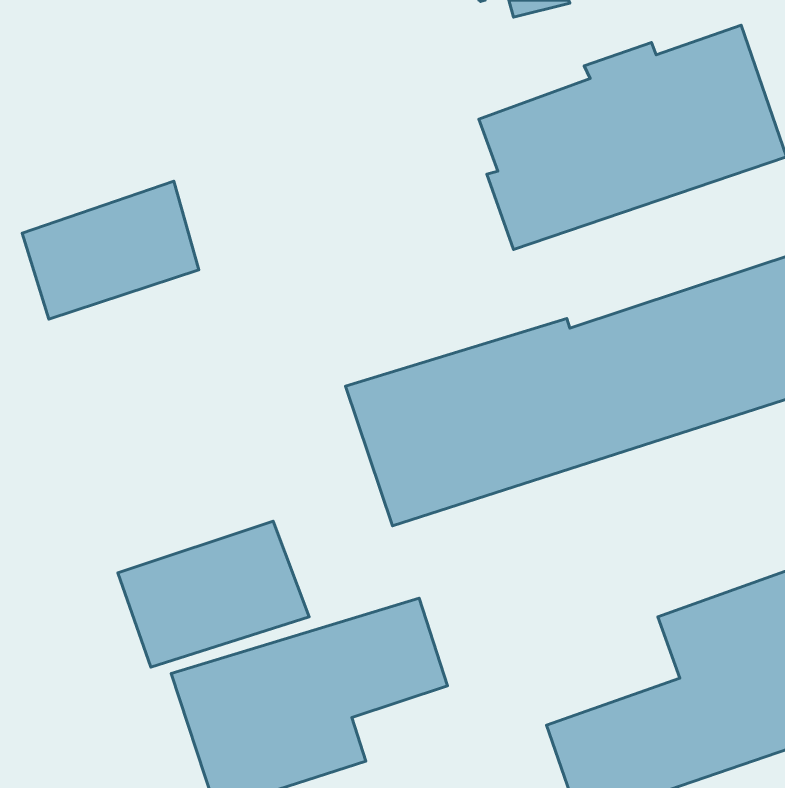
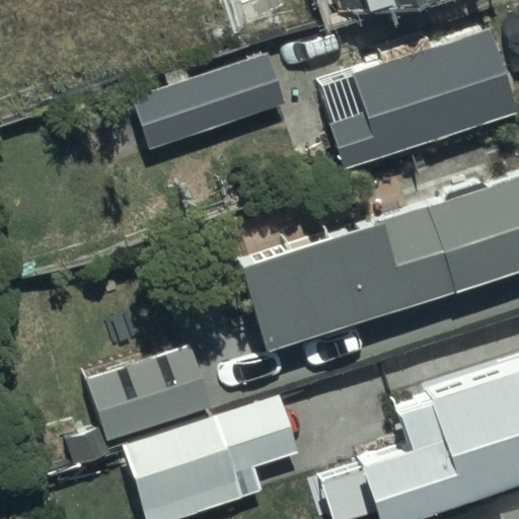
building: none -> [133,54,285,152]
building: [22,181,199,319] -> none

